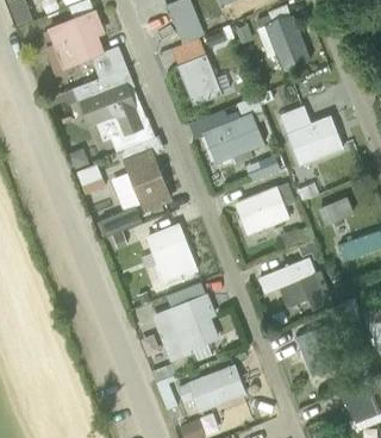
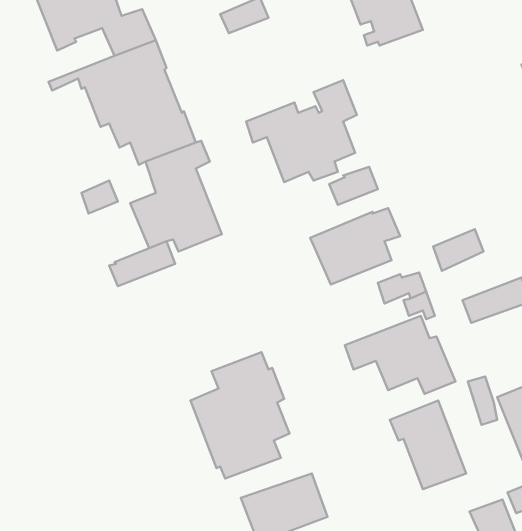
building: [176,55,230,107] -> none
building: [280,106,343,168] -> none
building: [144,224,198,284] -> none

